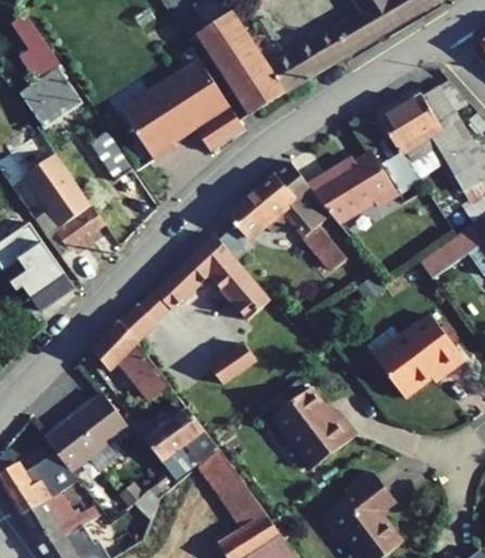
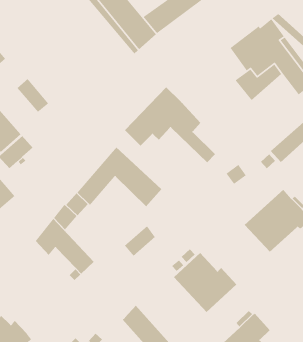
building: [123,47,245,158] -> none
building: [308,151,398,223] -> none
building: [47,393,130,471] -> none
building: [146,409,219,478] -> none

